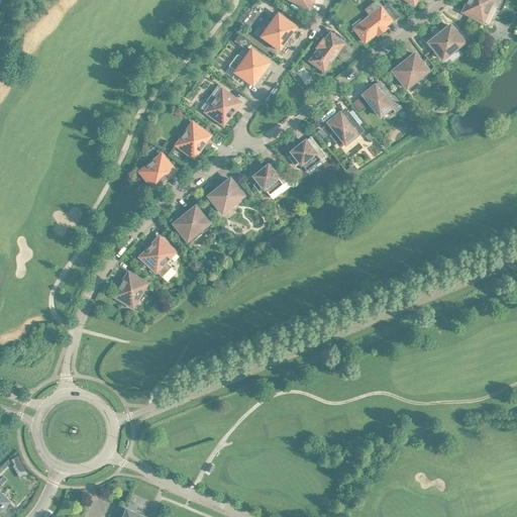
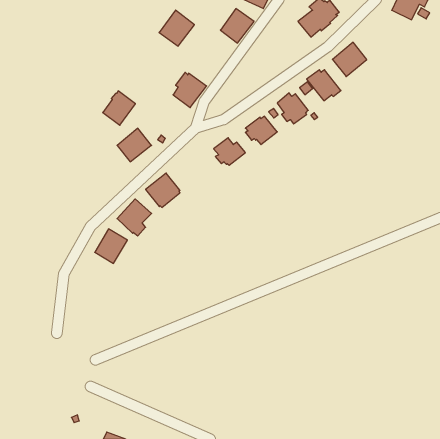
building: [425,21,468,62] -> none
building: [307,29,351,73] -> none
building: [230,44,272,87] -> [159,10,194,46]
building: [174,119,212,160] -> [103,91,135,125]
building: [205,175,245,215] -> none

